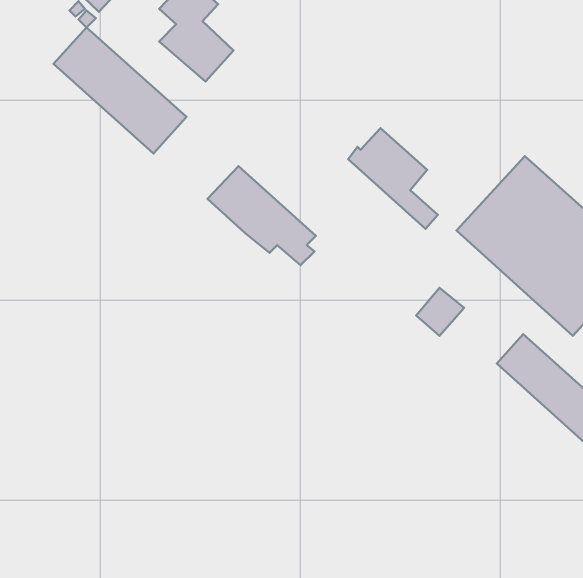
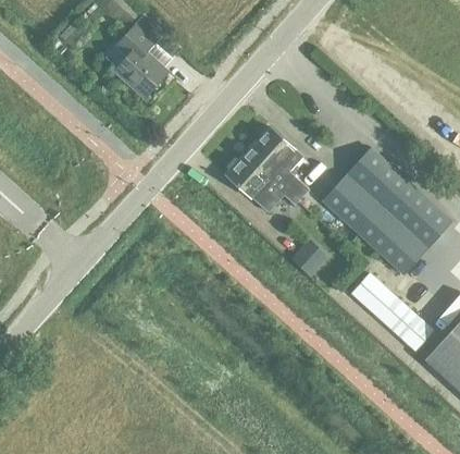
building: [54,27,186,154] -> none
building: [208,166,316,265] -> [225,150,301,220]

